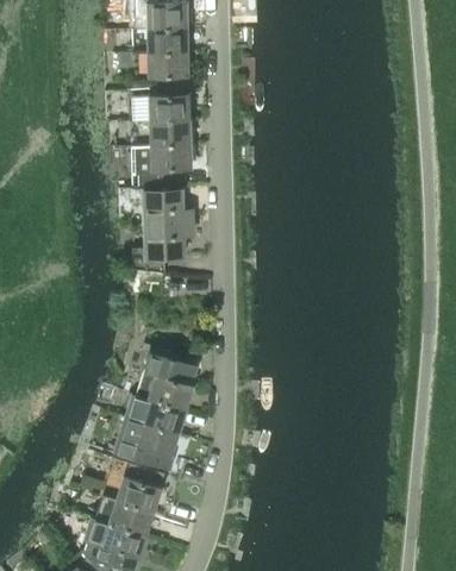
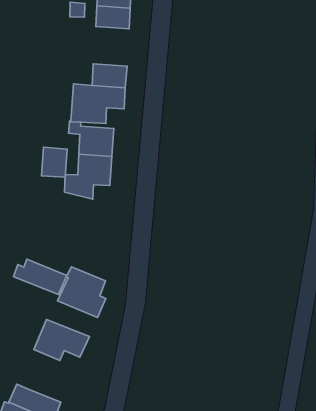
building: [151,95,190,120] -> none
building: none -> [42,147,67,177]
building: [125,395,186,432] -> [14,259,67,295]
building: [117,463,163,510] -> none

